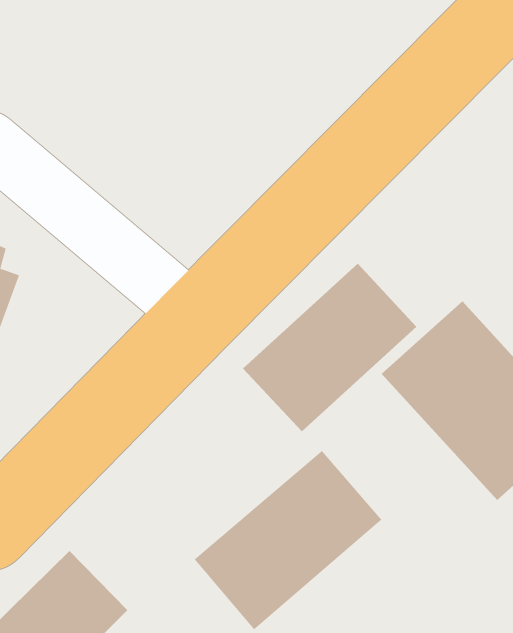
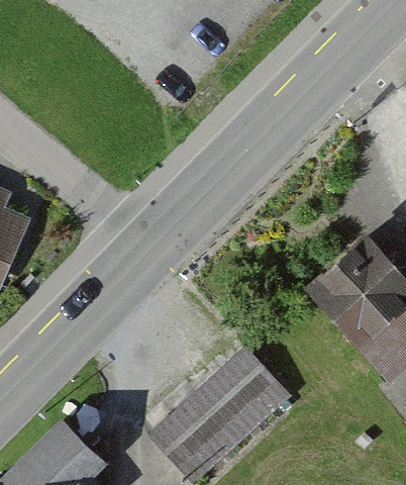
building: [242,263,417,432] -> none

